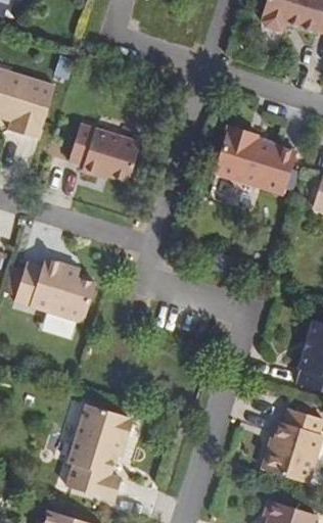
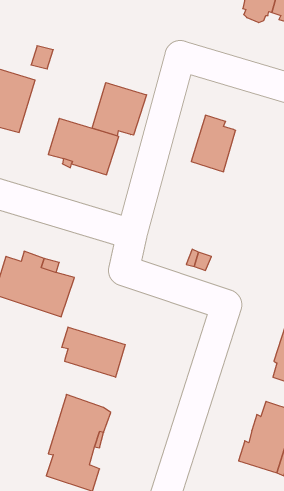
building: none -> [92,83,147,136]
building: [245,136,295,190] -> none
building: none -> [62,327,125,377]

